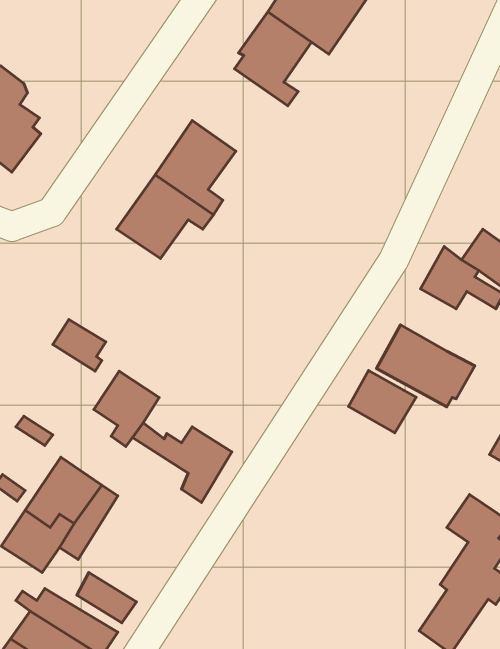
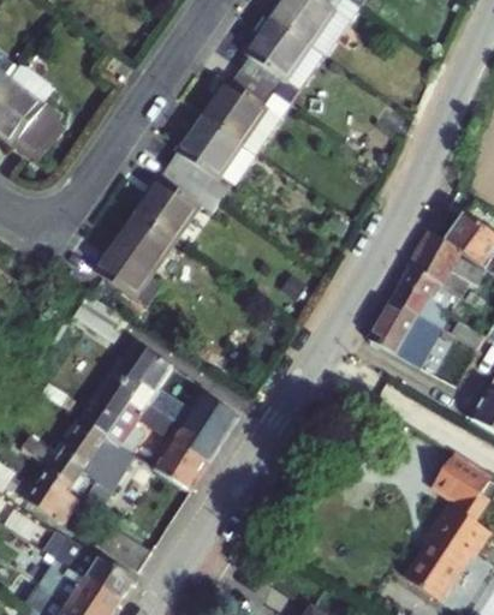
building: none -> [201,67,287,150]
building: none -> [94,213,172,306]
building: [349,371,416,433] -> [389,267,451,323]
building: none -> [82,376,133,444]
building: none -> [138,401,209,491]

